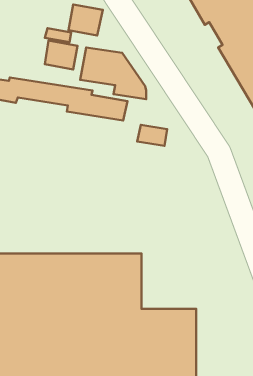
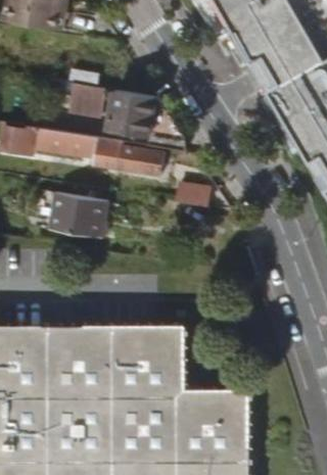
building: [69,5,103,35] -> none
building: none -> [50,194,106,234]

